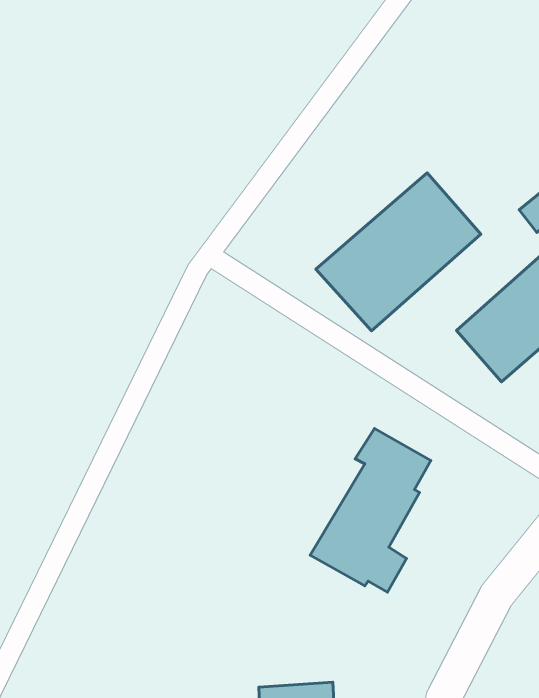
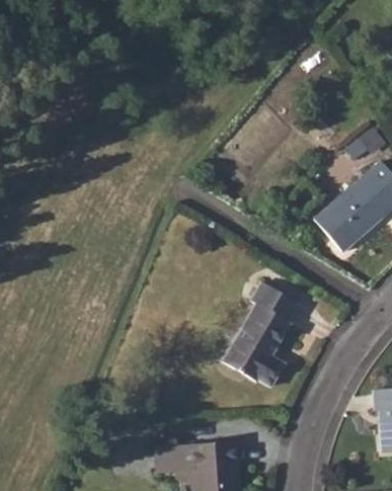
building: [316,173,481,331] -> none

